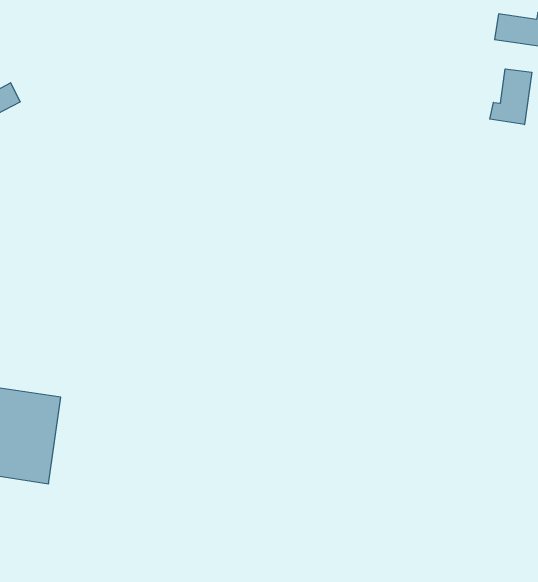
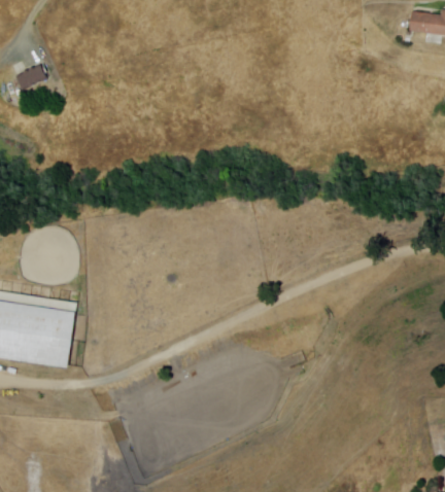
building: [490,69,532,125] -> none

